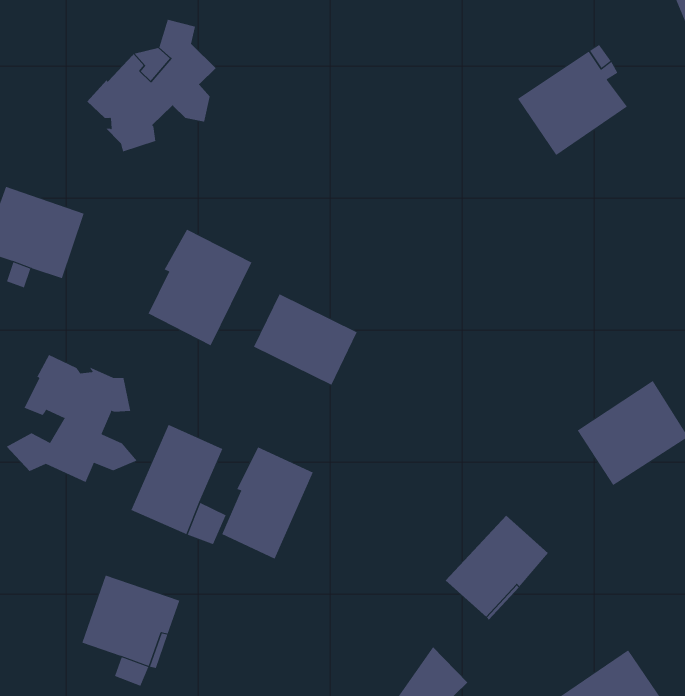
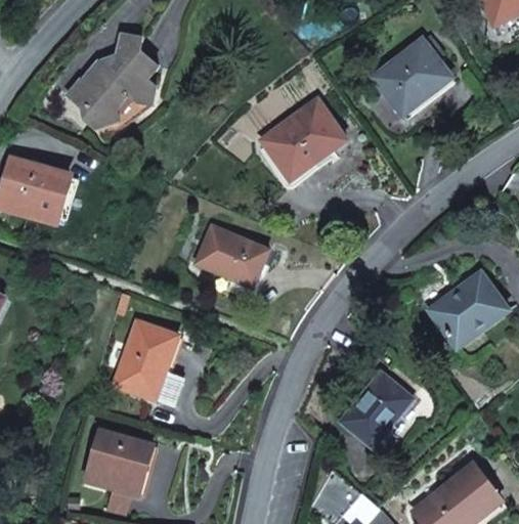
building: none -> [260,99,346,180]
building: [148,229,252,346] -> none
building: [6,354,138,483] -> none
building: [221,446,313,559] -> none

